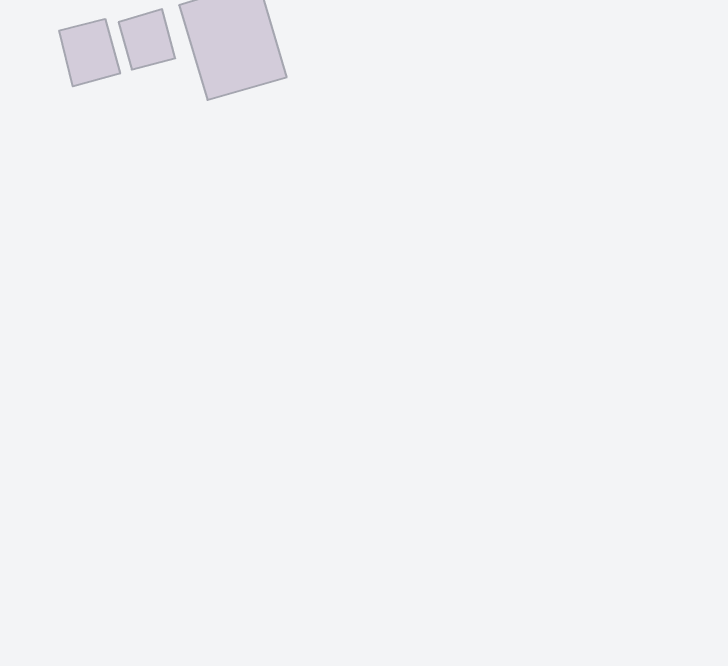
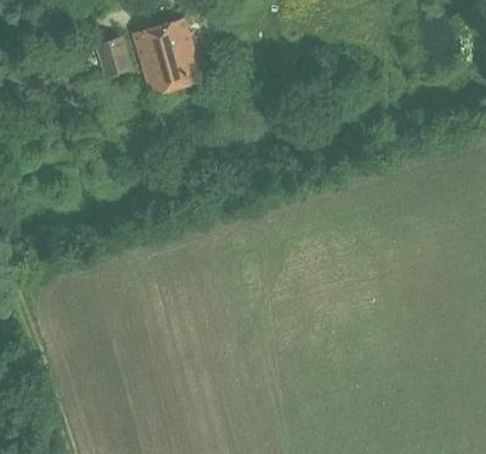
building: [59,19,120,86] -> none

